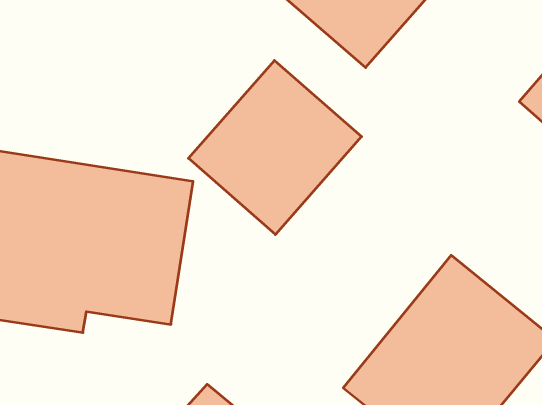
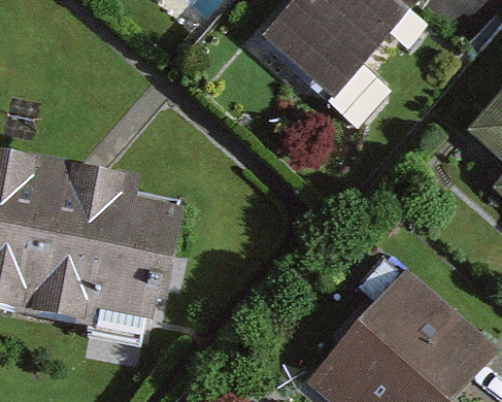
building: [188,60,362,235] -> none

